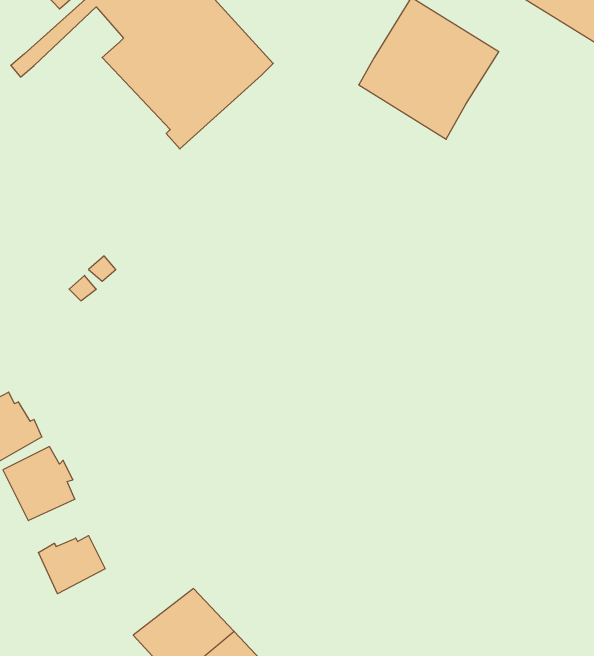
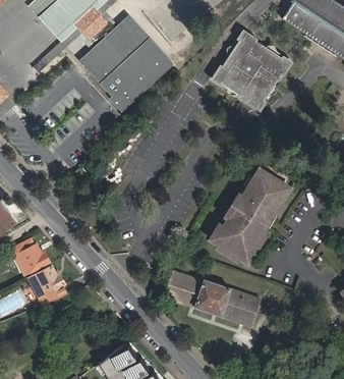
building: none -> [213,168,292,263]
building: none -> [164,271,262,326]
building: [38,536,105,594] -> none

